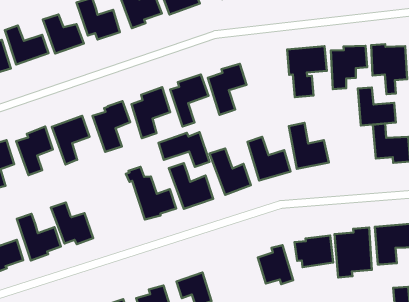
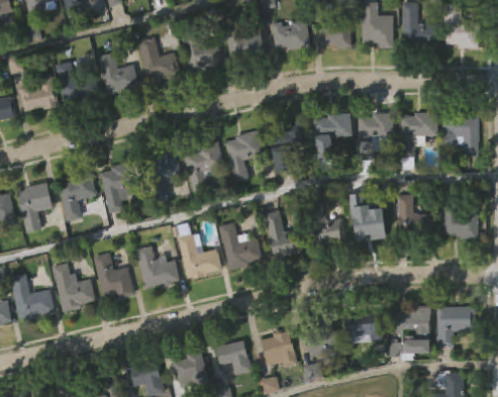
building: none -> [313,112,353,161]
building: [358,87,396,125] -> [399,195,436,234]
building: [158,132,210,167] -> none
building: none -> [135,245,180,288]
building: none -> [261,328,297,368]

